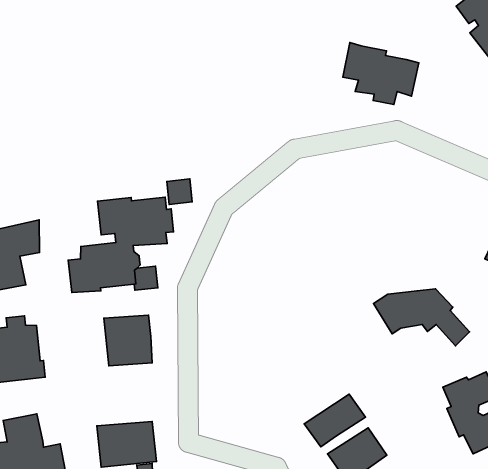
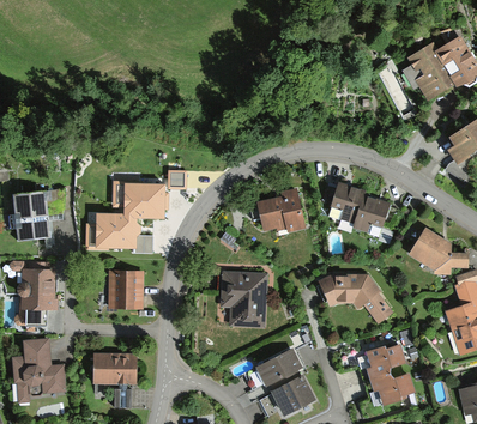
building: [343,42,419,104] -> [330,182,390,234]
building: none -> [256,189,306,235]
building: none -> [219,271,267,327]

